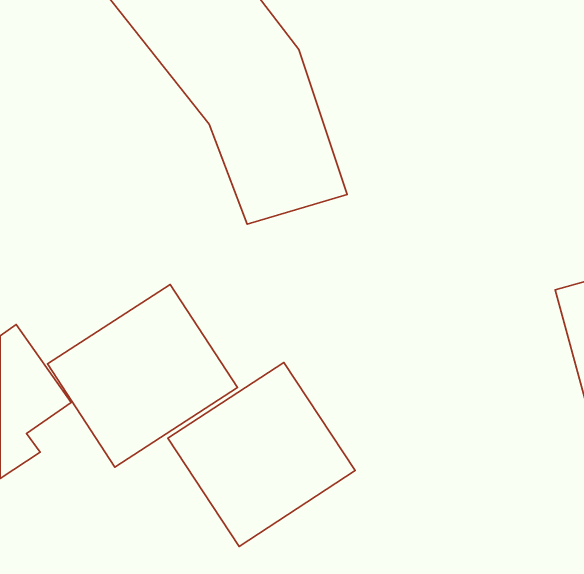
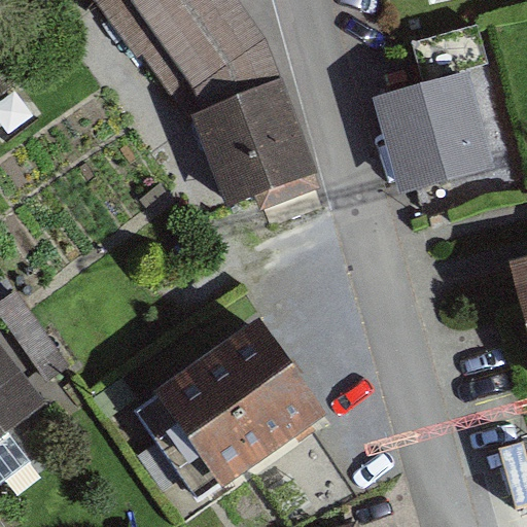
building: none -> [388,79,476,180]
building: [47,284,237,467] -> none

